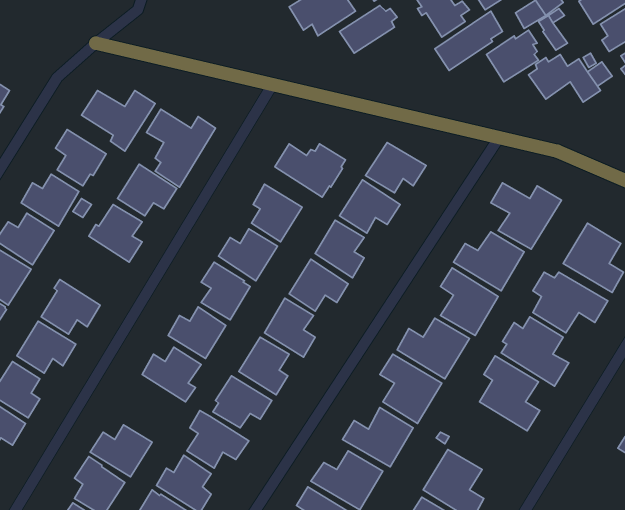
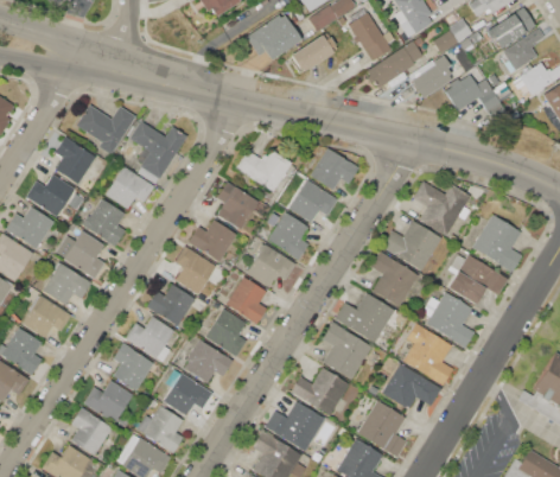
building: none -> [56,231,106,280]
building: none -> [113,343,153,392]
building: none -> [381,363,441,408]

